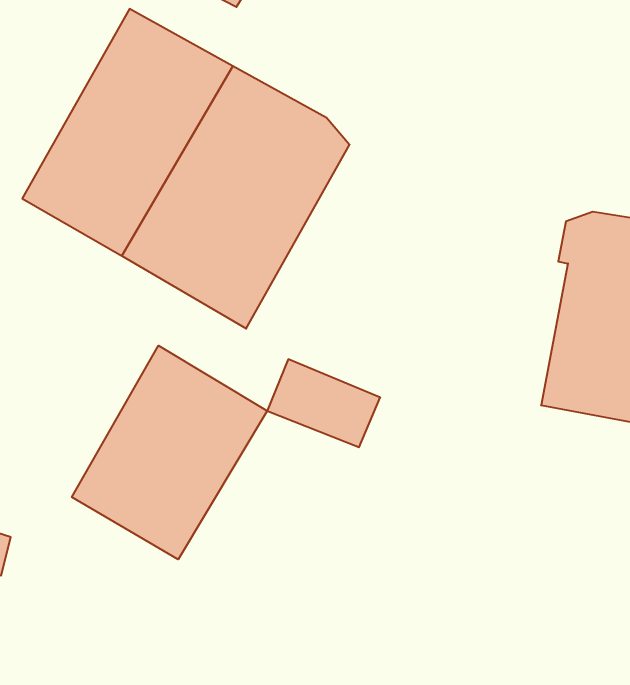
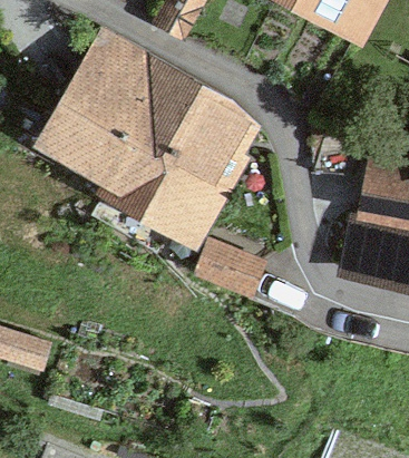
building: [72,346,267,559] -> none

